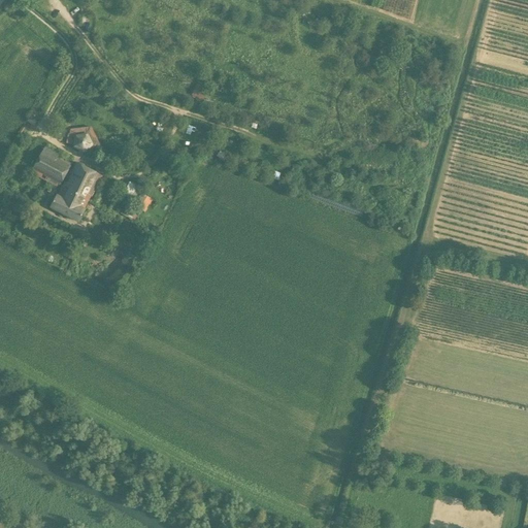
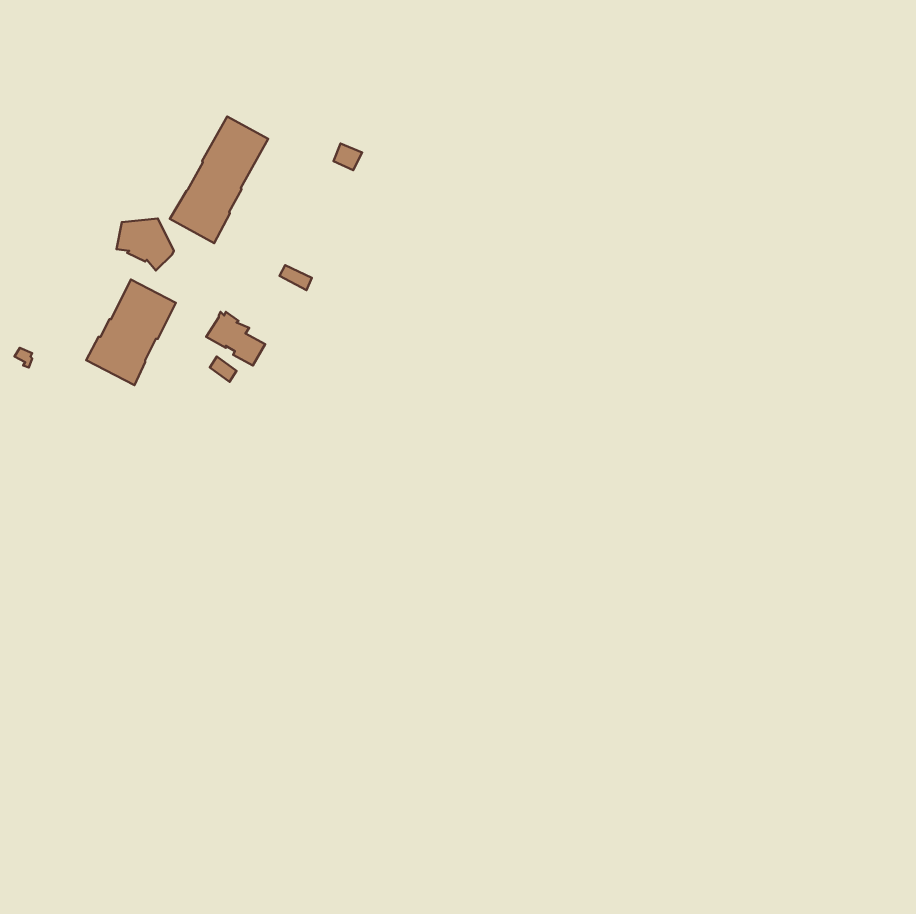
building: none -> [170,116,268,243]
building: [32,146,70,184] -> none

